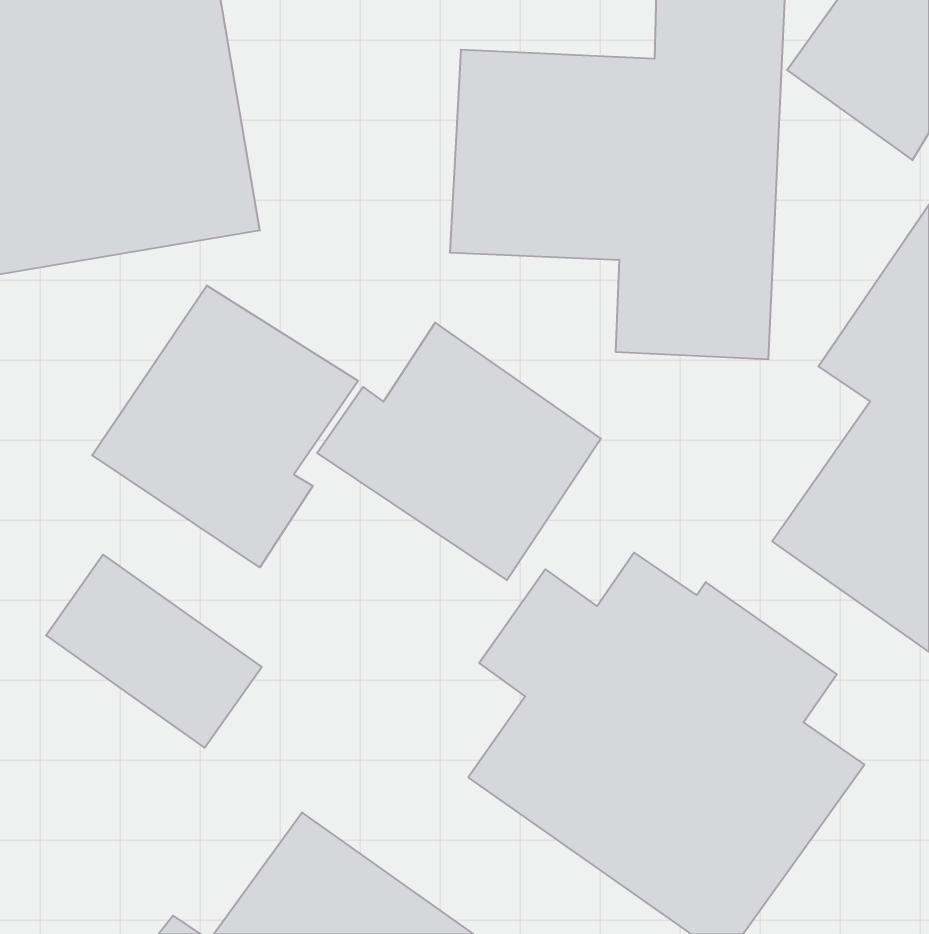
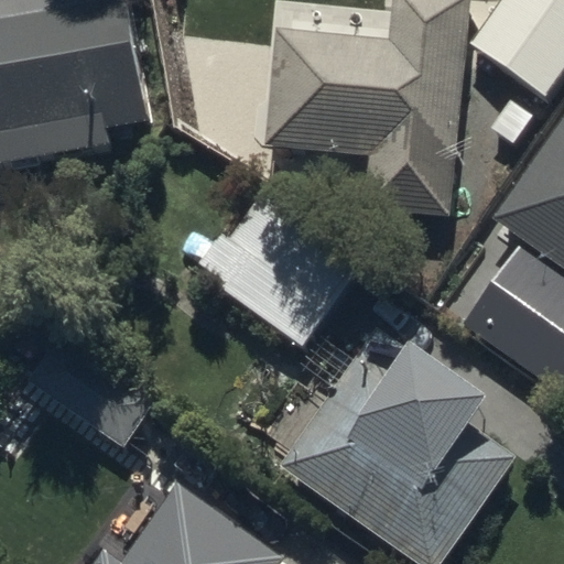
building: [92,285,358,567] -> none

